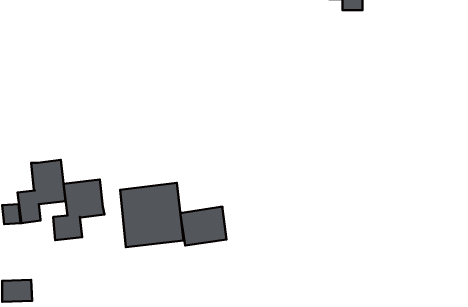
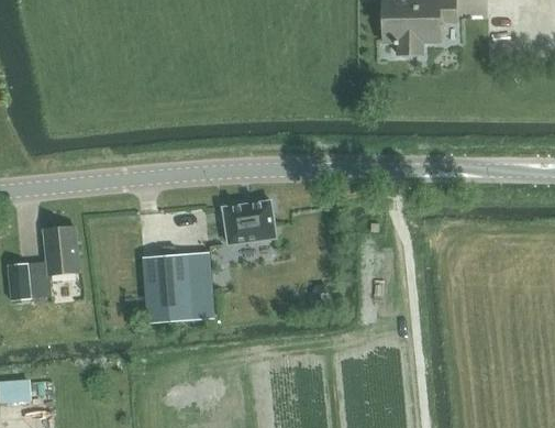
building: [53,179,105,240] -> none
building: [180,207,226,245] -> [223,199,276,243]

